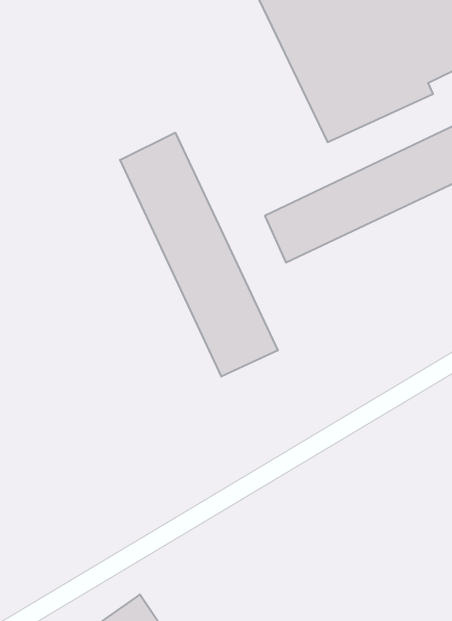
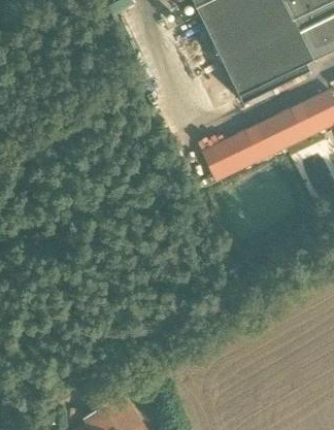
building: [120,133,278,377] -> none

